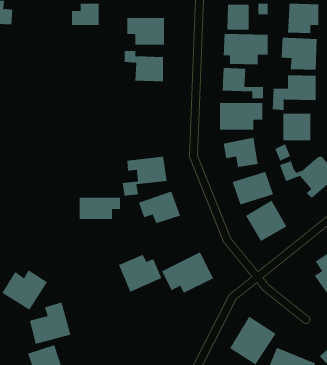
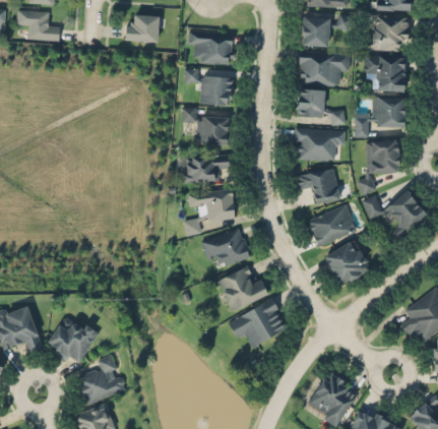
building: none -> [183,108,229,143]
building: [79,197,121,219] -> [182,156,230,181]
building: [118,254,162,293] -> [218,267,268,311]

